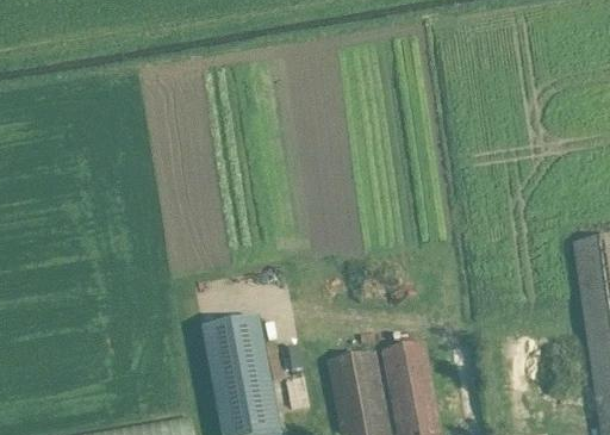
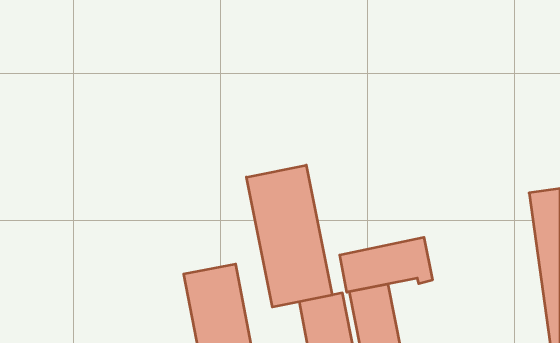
building: none -> [246,165,332,307]
building: none -> [340,237,432,292]

